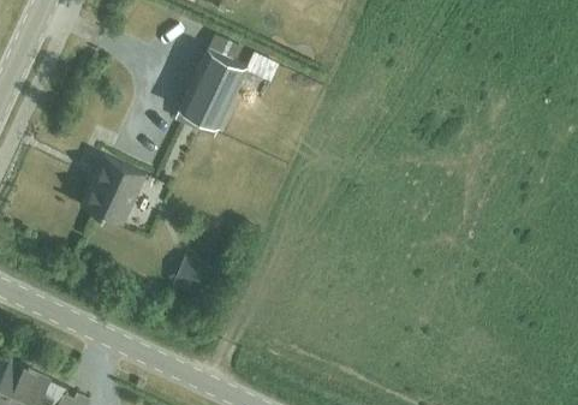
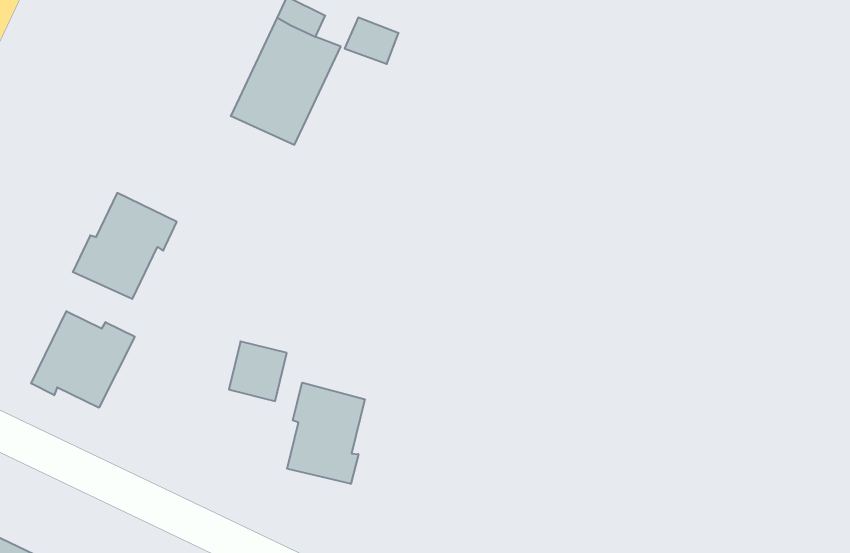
building: none -> [31,311,135,408]
building: none -> [287,383,365,484]

